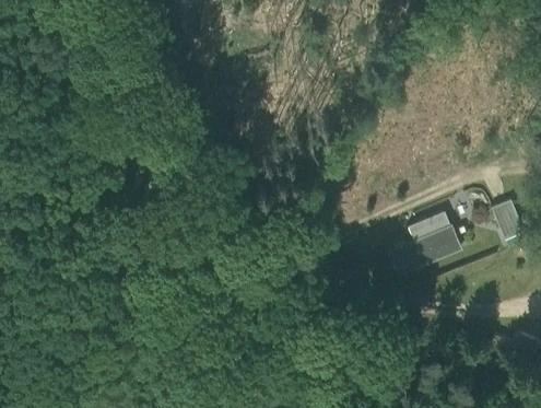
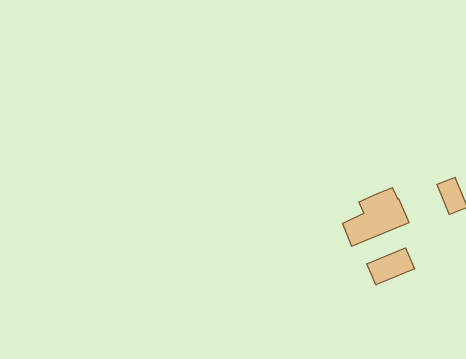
building: none -> [367,248,415,285]

